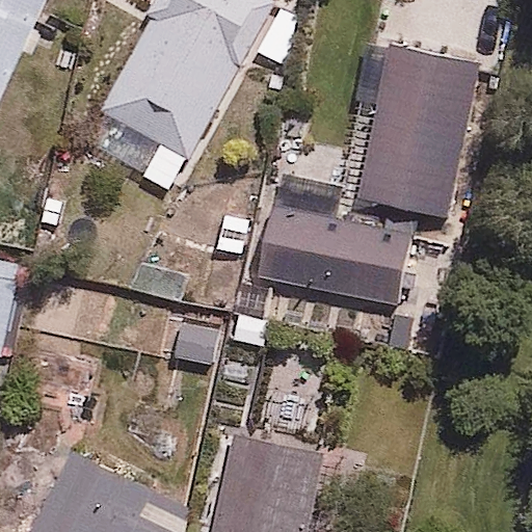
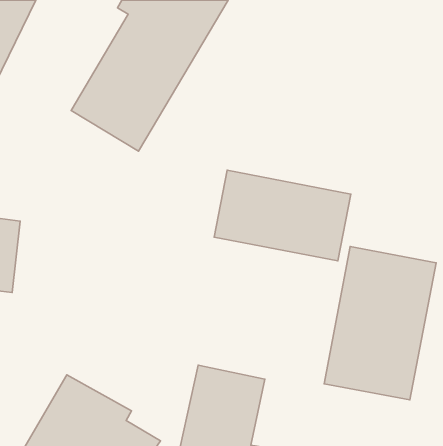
building: [358,48,476,220] -> none
building: none -> [324,247,436,400]

